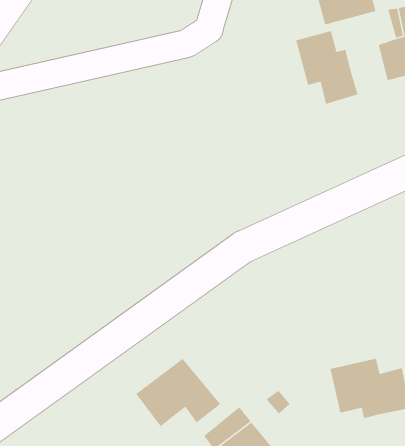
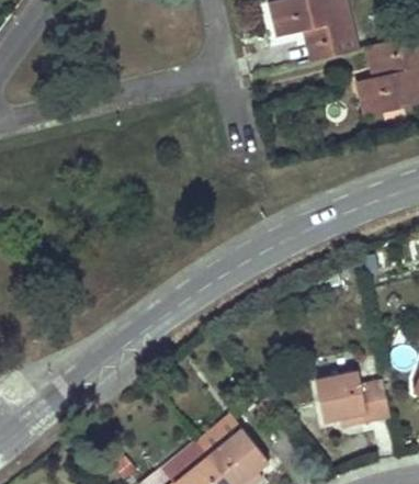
building: [295,30,358,105] -> none
building: [135,358,221,427] -> none

